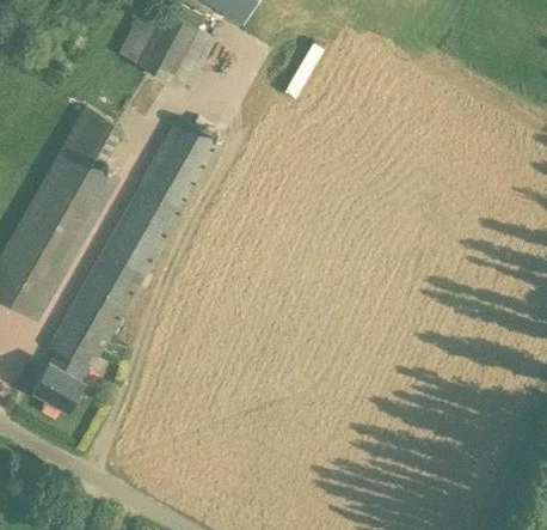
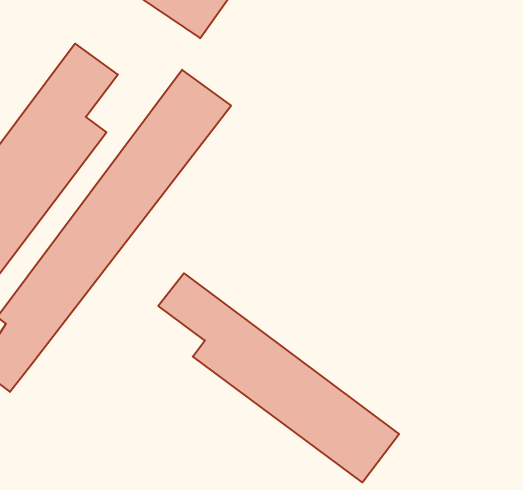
building: none -> [158,273,399,482]

